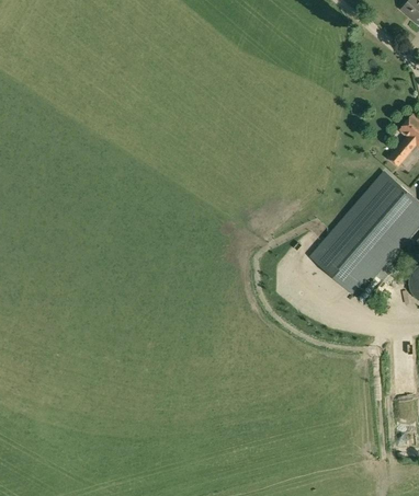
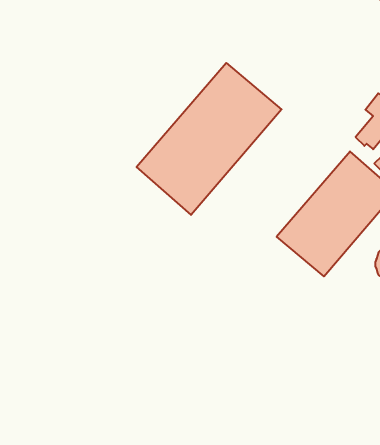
building: none -> [137,63,282,215]

